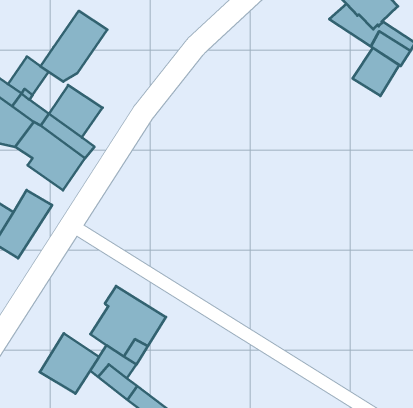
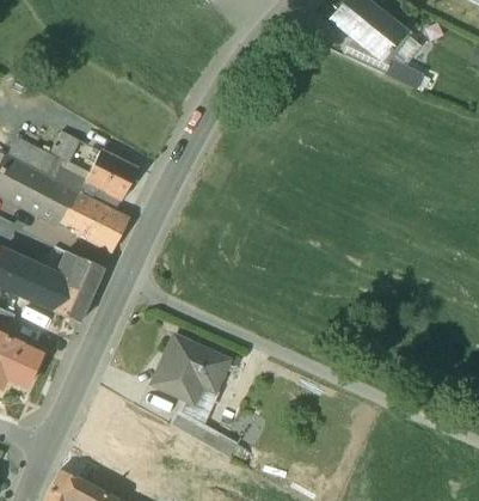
building: [40,11,107,82] -> none
building: [353,48,399,96] -> none
building: [40,333,99,394] -> none

